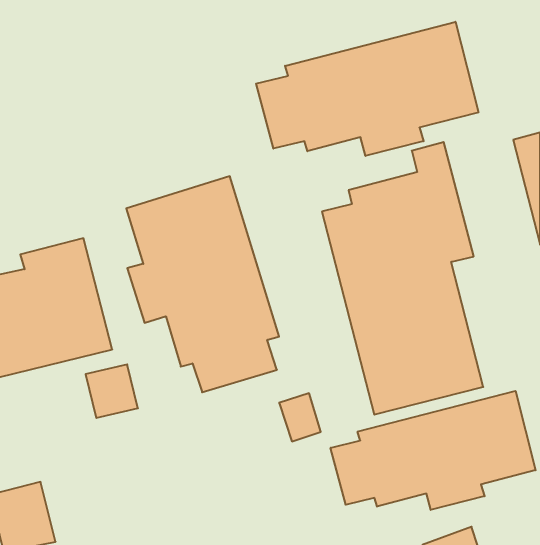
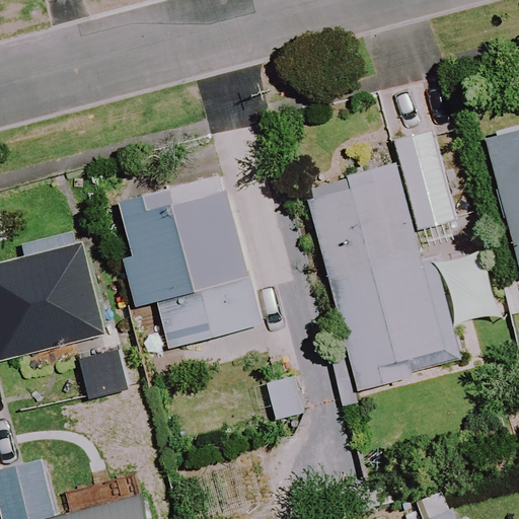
building: [256,22,478,156] -> none
building: [331,391,536,510] -> none

